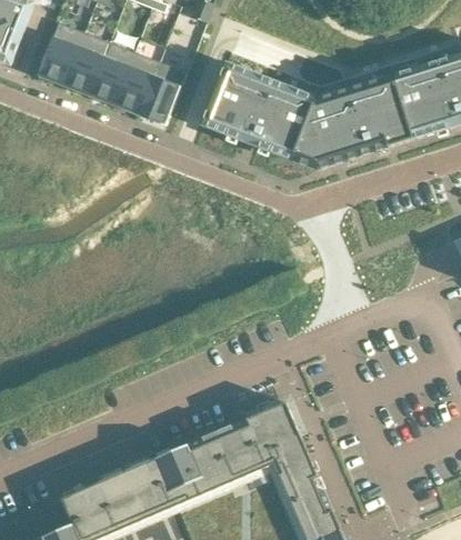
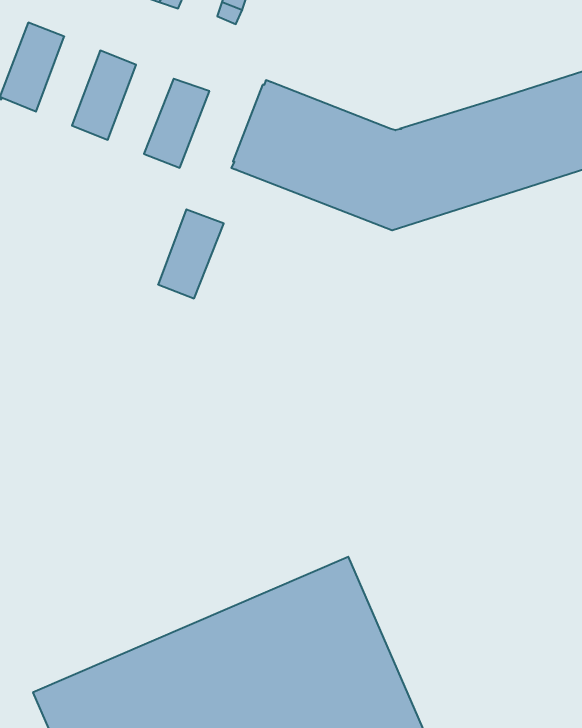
building: [62,31,108,94] -> none
building: [113,51,160,114] -> [158,209,224,298]

